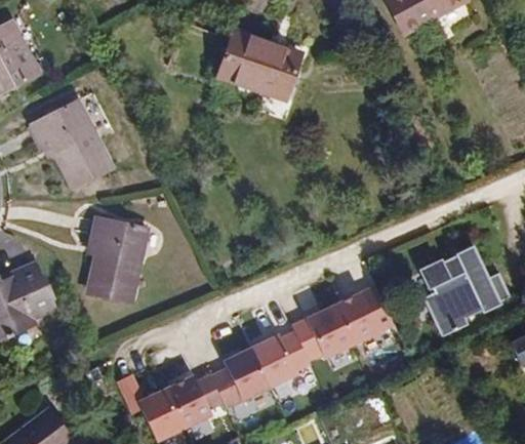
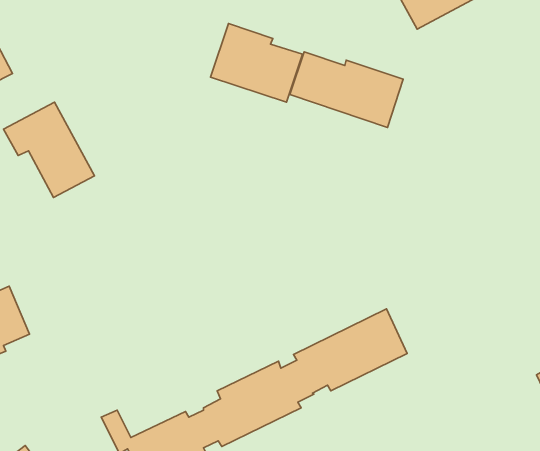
building: none -> [290,52,403,128]
building: [88,216,146,302] -> none
building: [417,243,510,336] -> none

